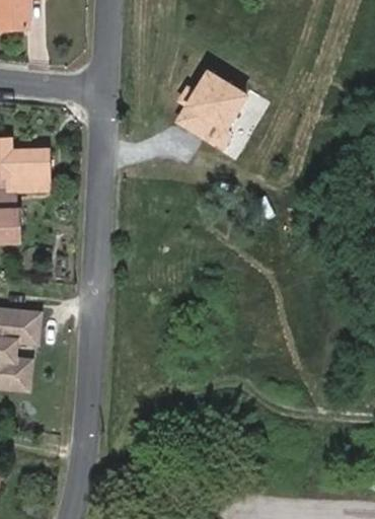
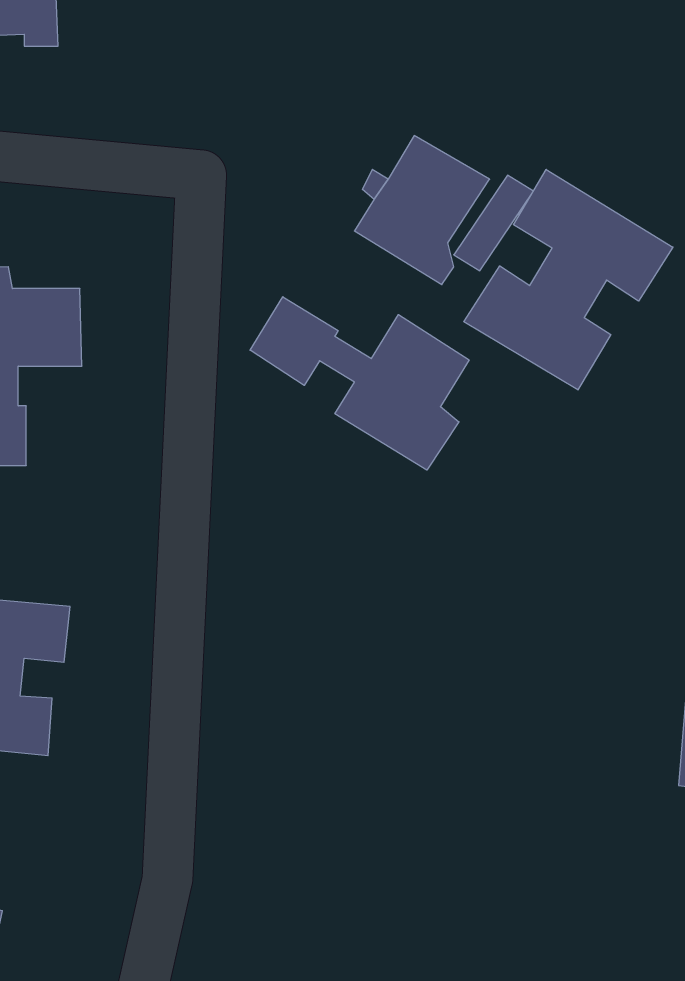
building: none -> [464,169,673,390]
building: none -> [250,297,469,470]

